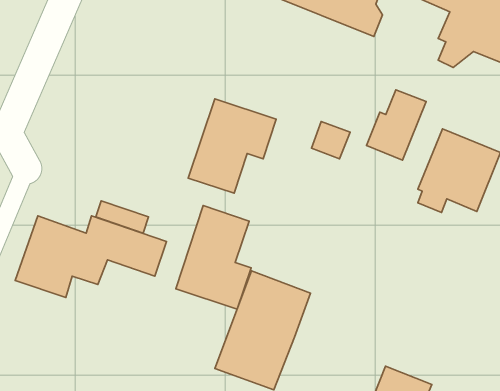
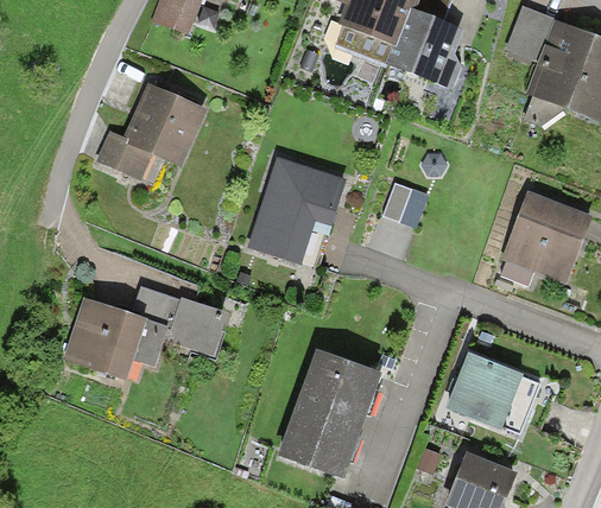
building: none -> [95,83,201,184]
building: [367,90,426,160] -> none
building: [176,205,251,309] -> none
building: none -> [447,350,540,432]

